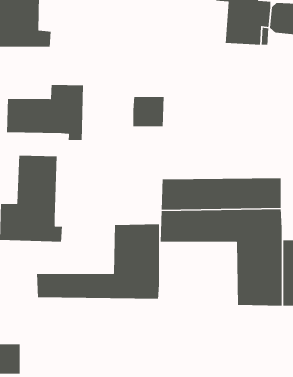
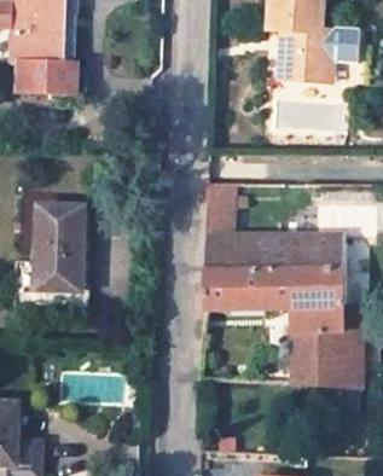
building: [6,84,84,141] -> none
building: [132,96,164,127] -> [204,197,242,233]
building: [36,224,160,300] -> none

